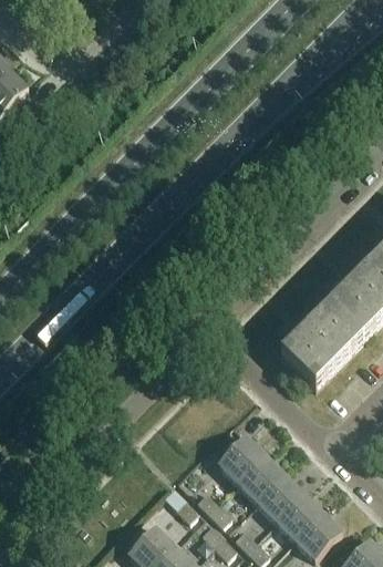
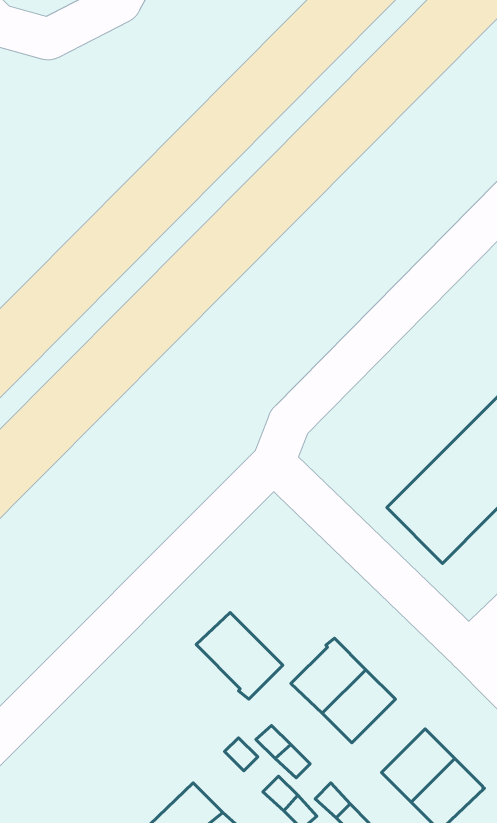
building: none -> [196,612,283,699]
building: [256,472,302,518] -> none

